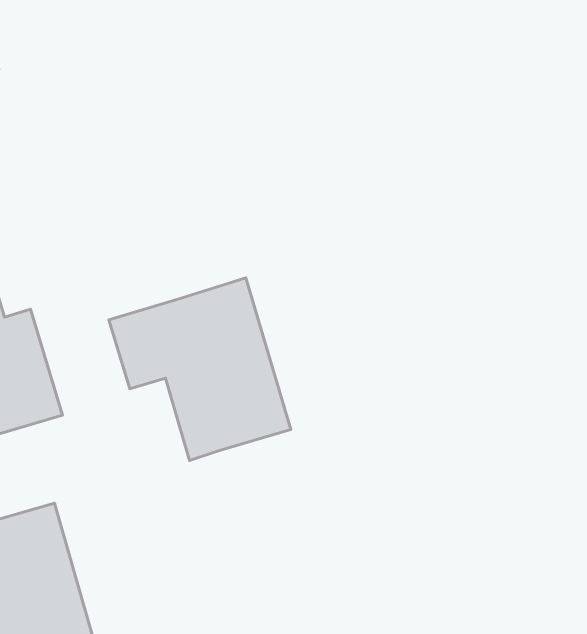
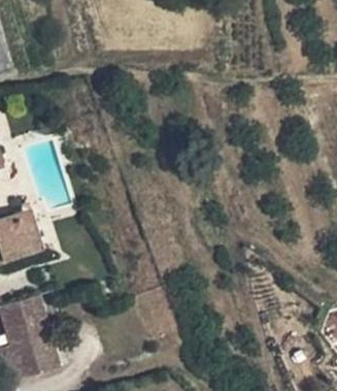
building: [109,278,291,460] -> none

